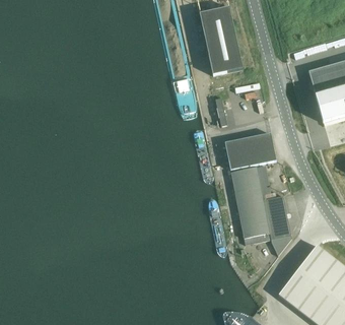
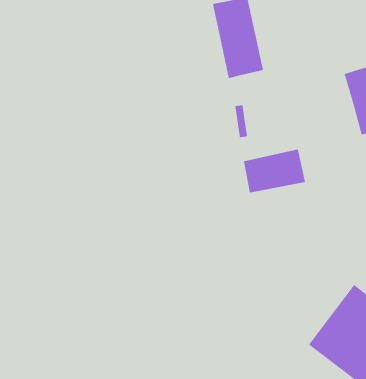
building: [231,165,291,254] -> none

